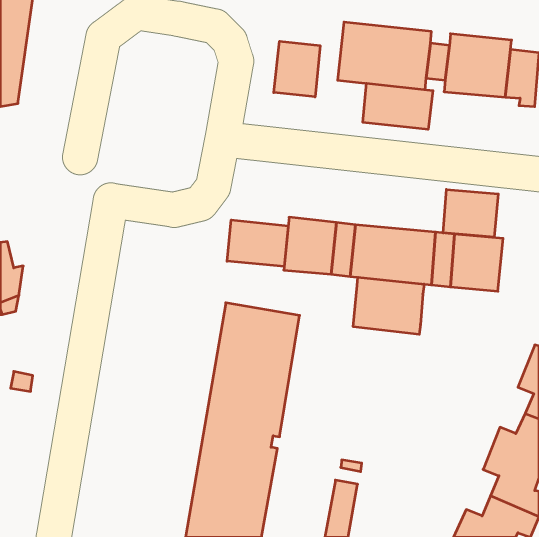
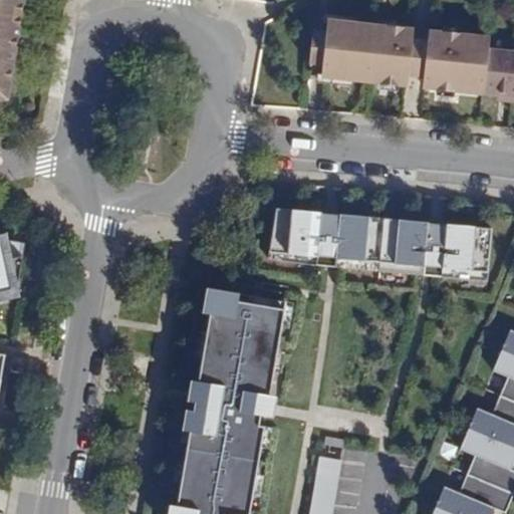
building: [274,41,320,97] -> none
building: [363,83,433,129] -> none
building: [443,189,498,237] -> none
building: [227,220,288,267] -> none
building: [353,277,424,334] -> none

